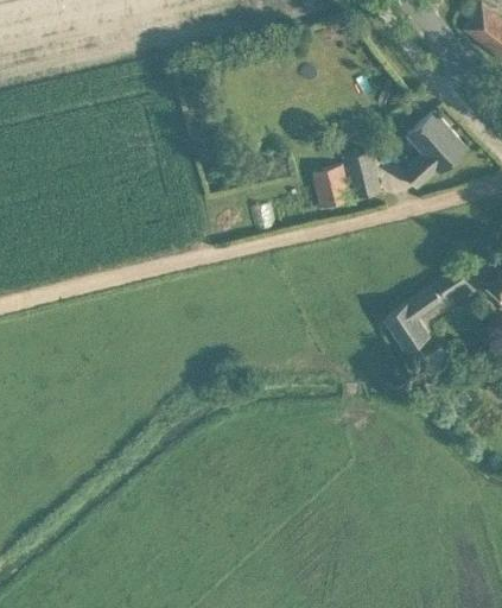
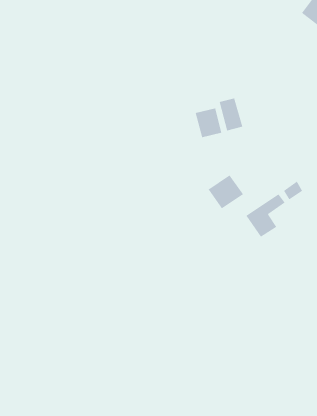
building: [402,112,466,188] -> none
building: none -> [208,174,244,209]

